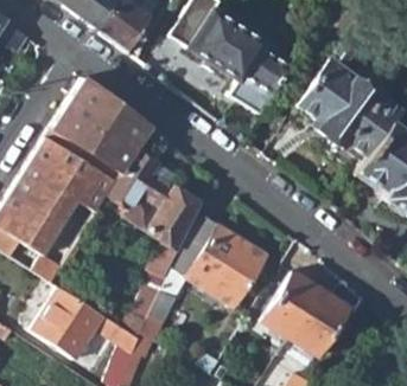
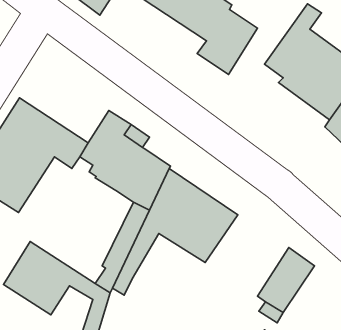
building: [46,78,152,184] -> none
building: [261,272,322,340] -> none

